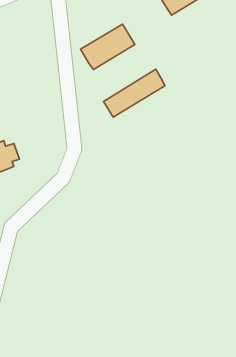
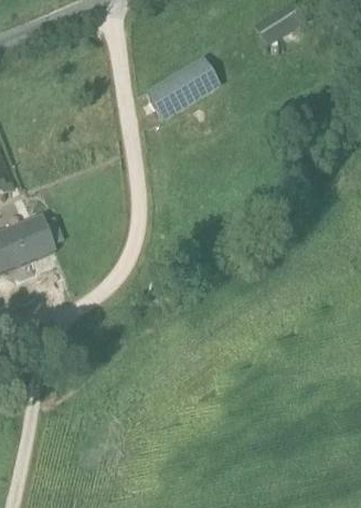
building: [103,69,165,117] -> none

